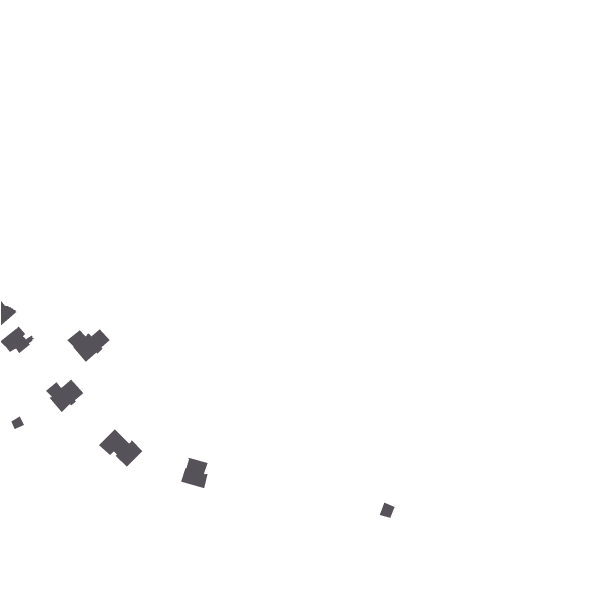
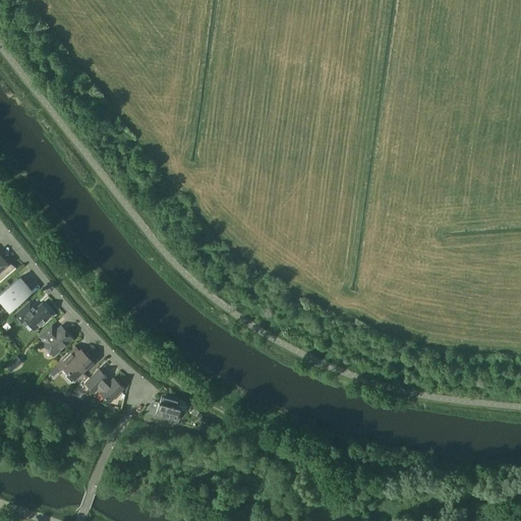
building: [67,328,110,363] -> [14,303,52,333]
building: none -> [57,346,94,379]

